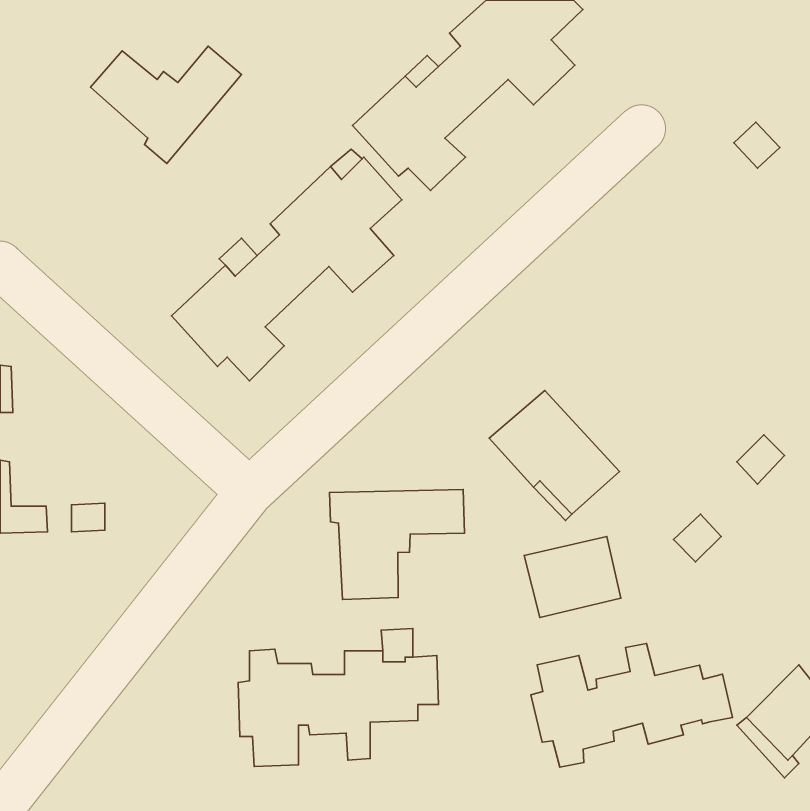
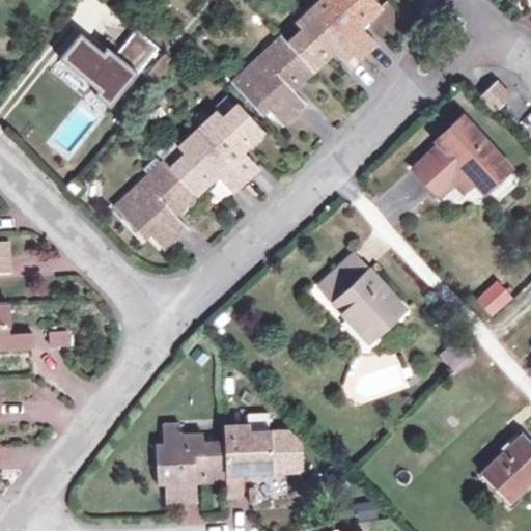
building: none -> [419,118,509,192]
building: [330,489,465,600] -> none
building: [531,644,732,767] -> none

